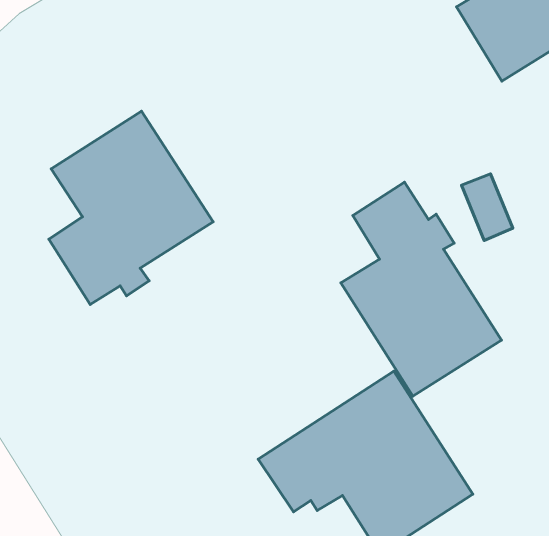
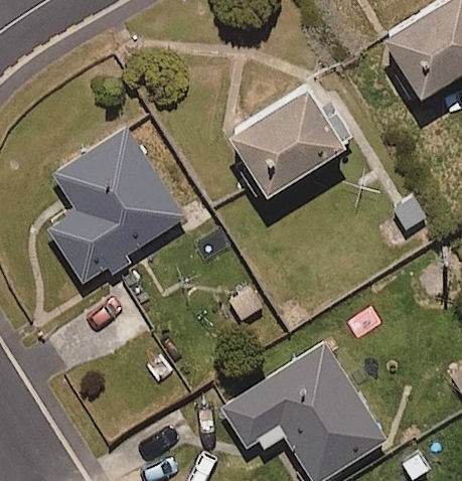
building: none -> [233,78,353,192]
building: [341,182,501,396] -> none

